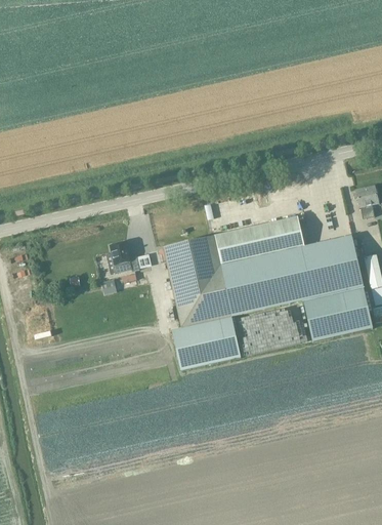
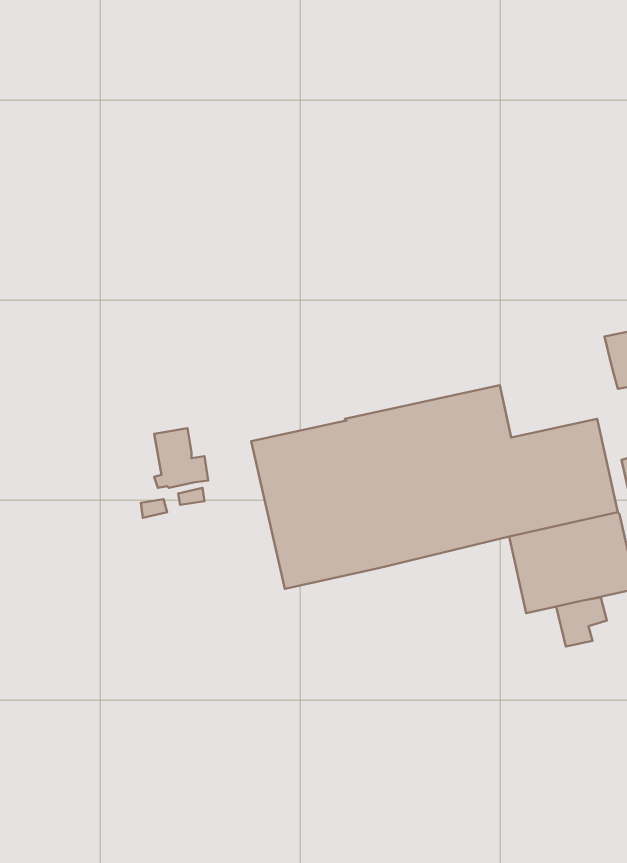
building: [171,316,241,370] -> none
building: none -> [556,598,607,647]

